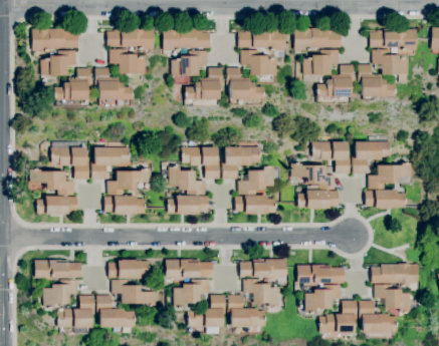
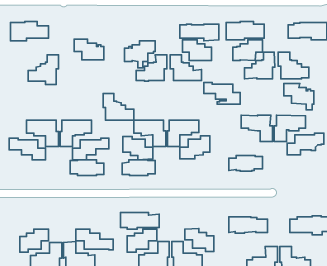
building: [163,28,210,50] -> none
building: [107,29,154,49] -> none
building: [372,50,408,82] -> [284,83,314,110]
building: [40,51,76,76] -> none
building: [95,68,133,100] -> [103,94,134,120]
building: [291,163,336,190] -> [204,83,240,104]
building: [366,191,406,209] -> none
building: [37,196,78,215] -> none
building: [235,196,276,215] -> none
building: [240,259,287,280] -> none
building: [34,260,81,280] -> none
building: [108,260,150,279] -> none
building: [305,285,341,313] -> none
building: [375,285,411,313] -> none

